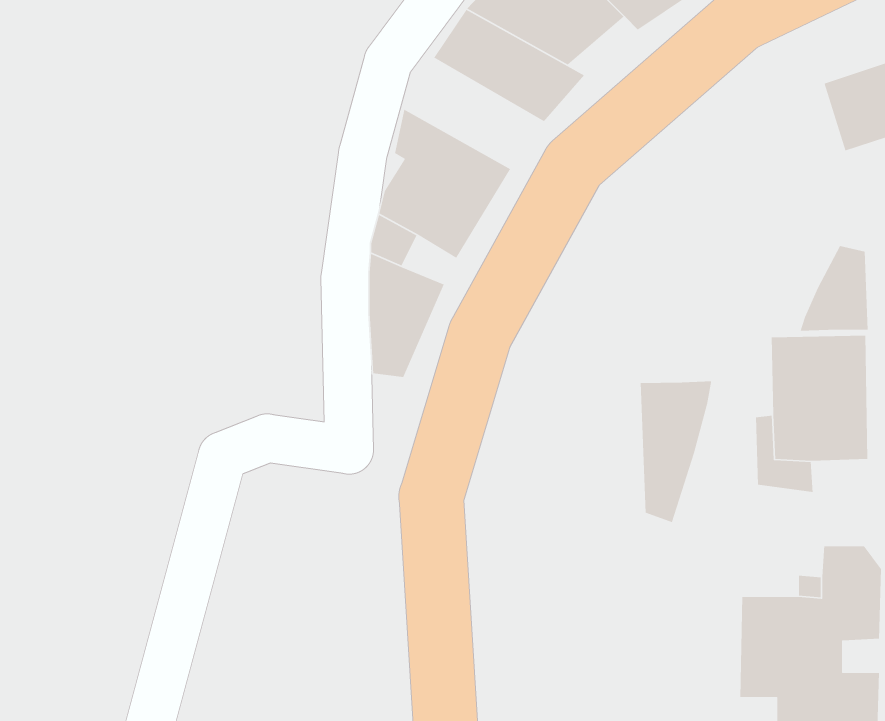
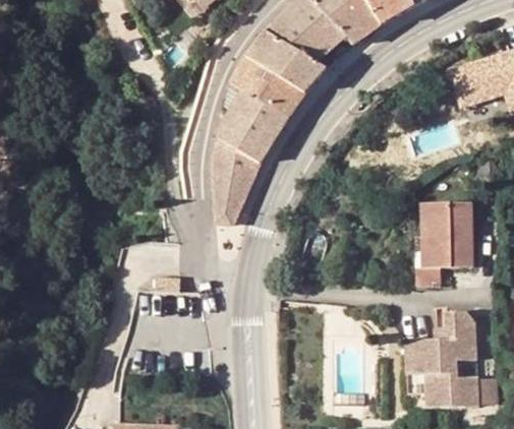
building: none -> [231,59,304,117]
building: [800,245,868,332] -> none
building: [640,380,712,523] -> none

